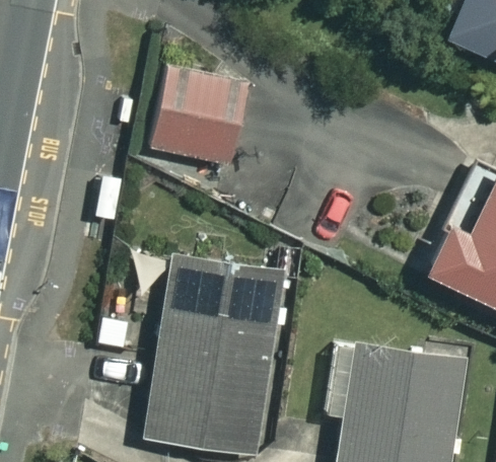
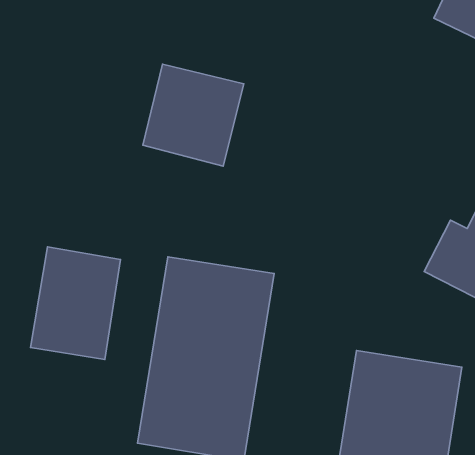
building: none -> [31,247,121,359]

